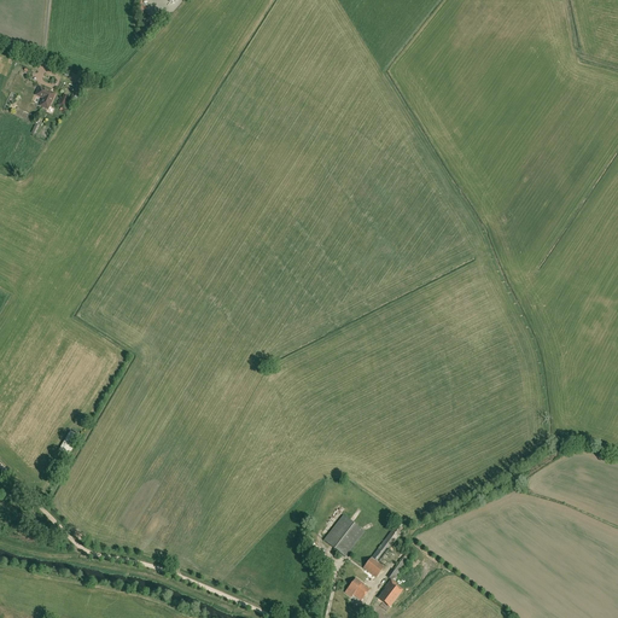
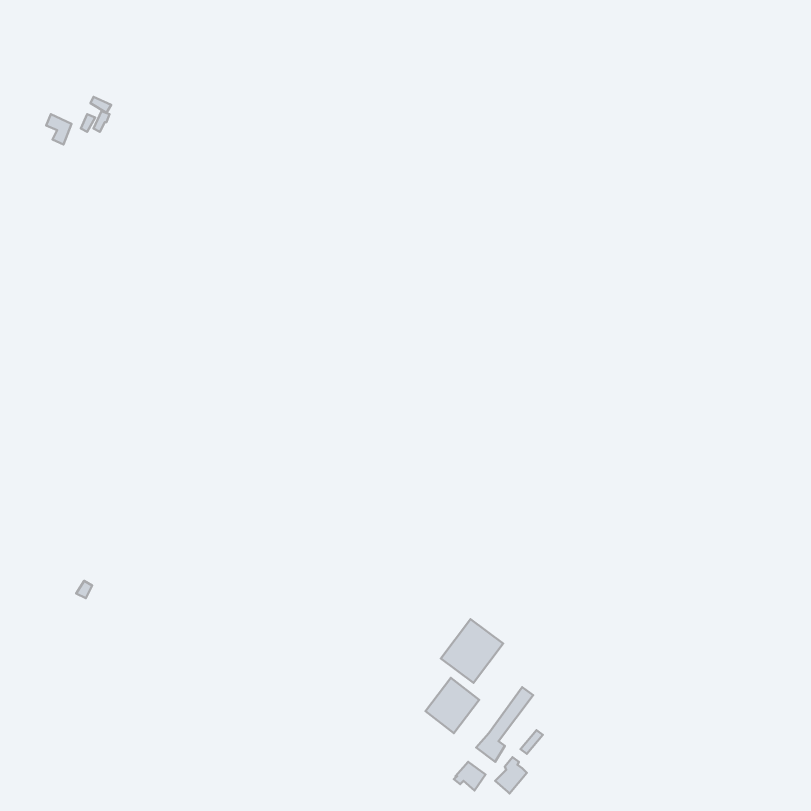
building: none -> [441,619,503,683]

